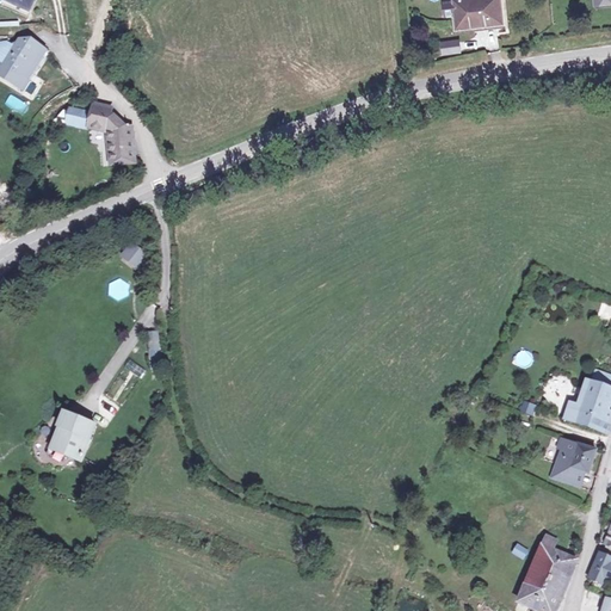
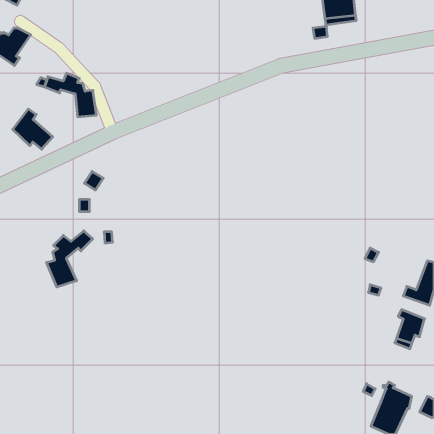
building: none -> [13,109,53,149]
building: none -> [47,231,93,287]
building: [47,418,88,457] -> none

